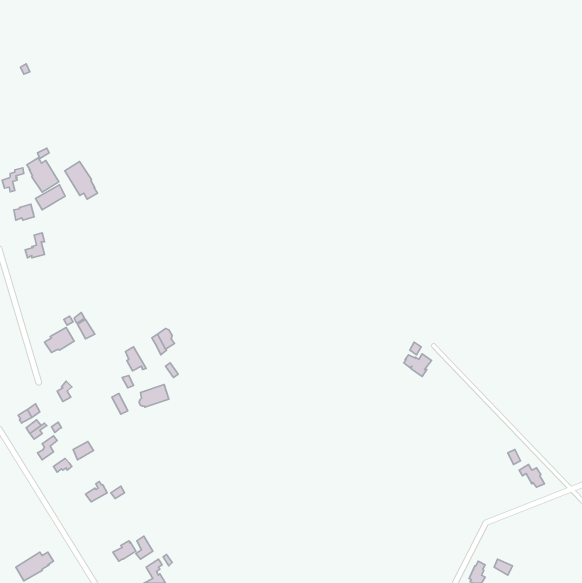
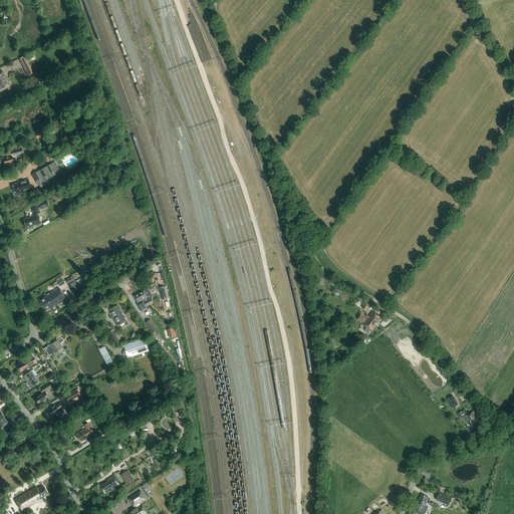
building: [27,158,59,192] -> none
building: [65,161,97,199] -> none

